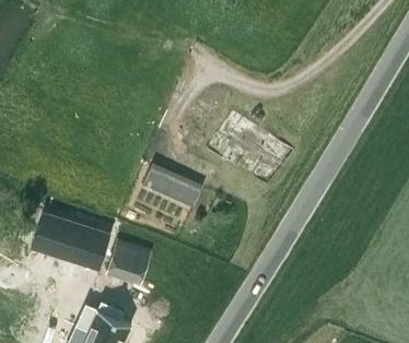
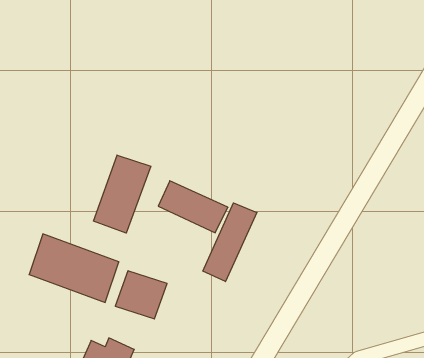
building: none -> [94,155,151,233]
building: none -> [203,203,257,282]

